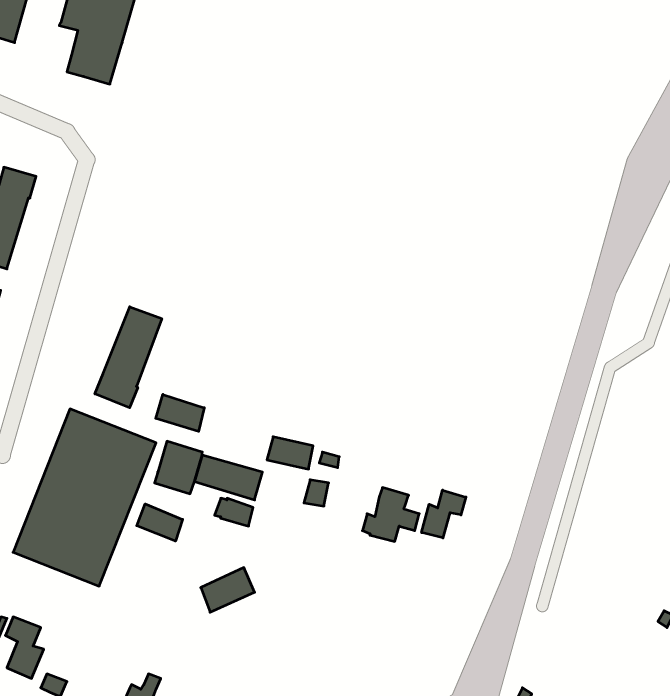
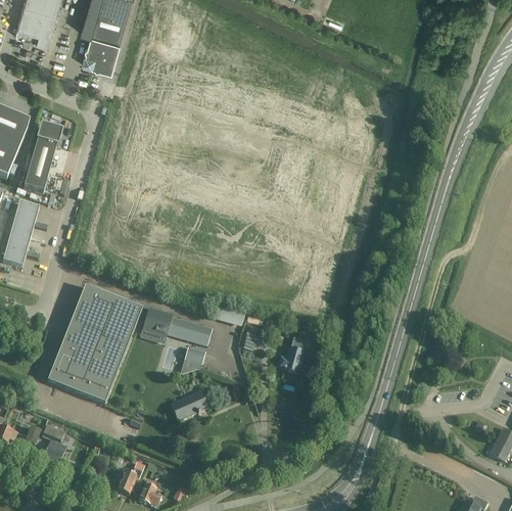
building: [95,307,162,408] -> none
building: [156,394,204,431] -> none
building: [422,490,466,538] -> none
building: [137,504,183,541] -> none

